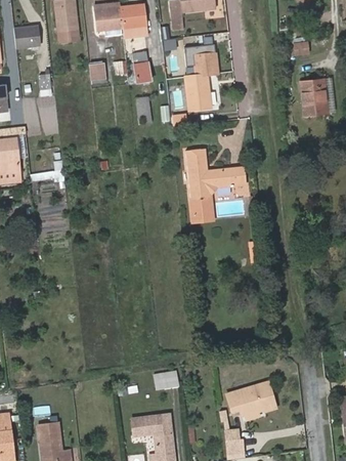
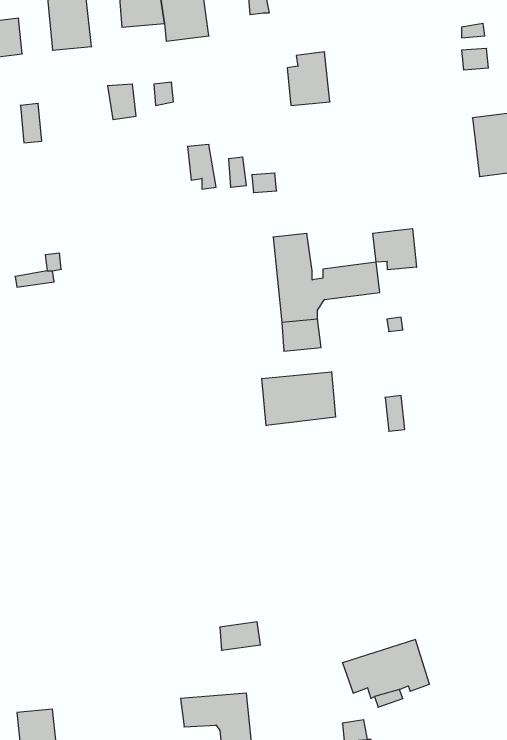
building: [133,52,152,83] -> none
building: [186,74,211,109] -> none
building: none -> [373,229,417,270]
building: none -> [262,372,335,426]

